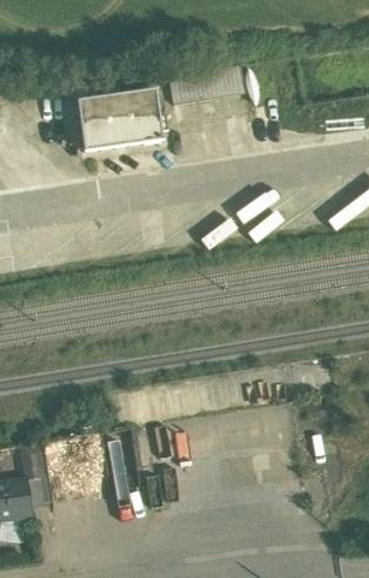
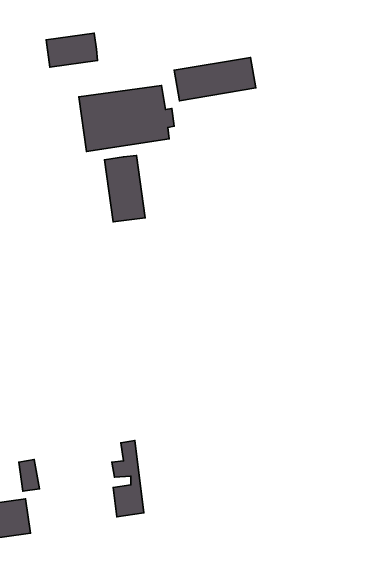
building: none -> [46,33,98,67]
building: none -> [105,156,145,222]

